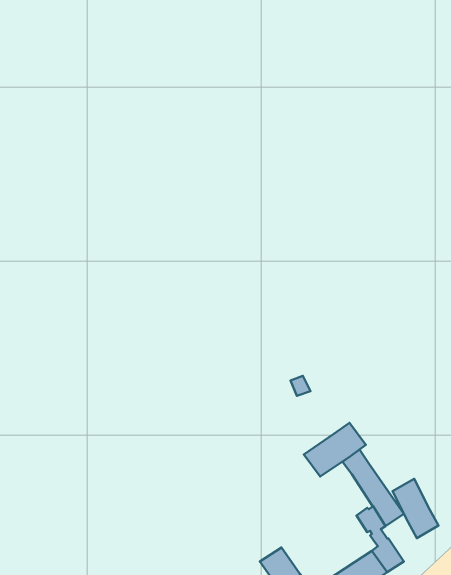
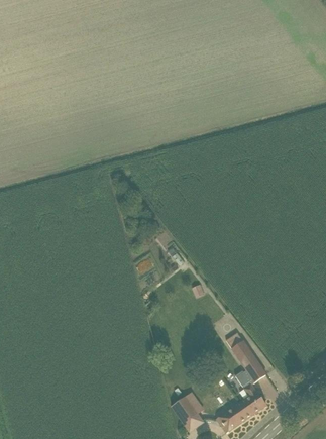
building: [304,423,366,477] -> none
building: [392,479,438,538] -> none

